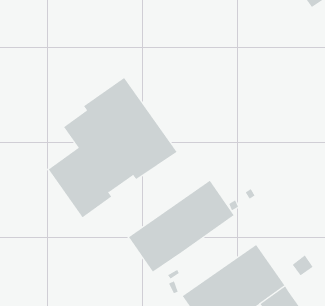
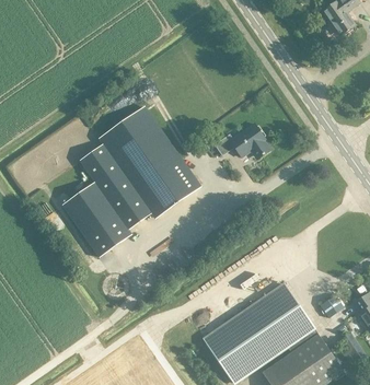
building: none -> [213,122,269,156]
building: [128,180,235,272] -> none

